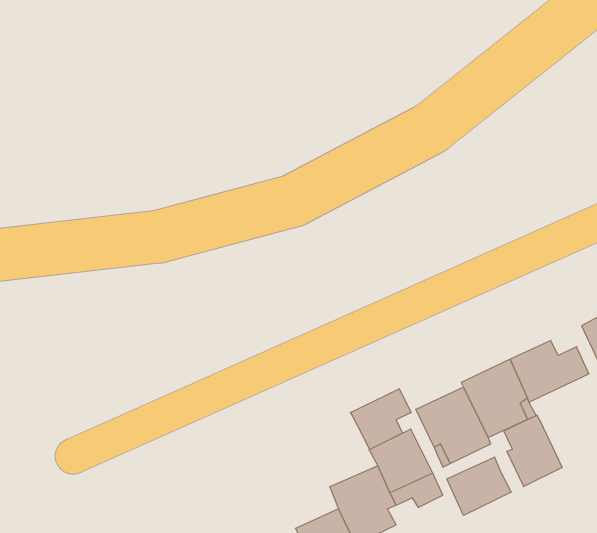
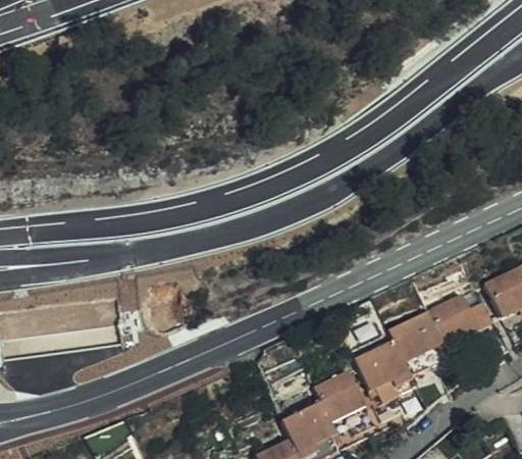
building: [350,389,411,449] -> none
building: [504,415,562,487] -> none
building: [447,457,511,515] -> none

